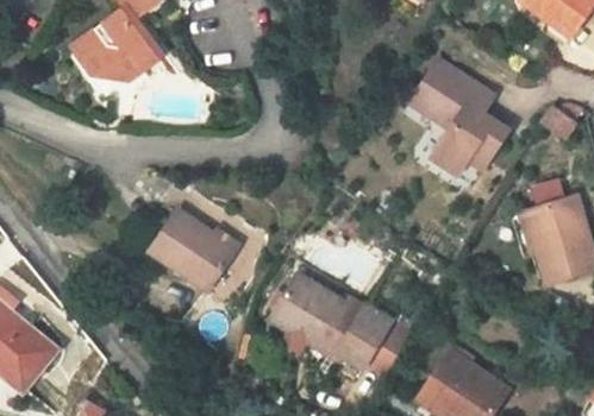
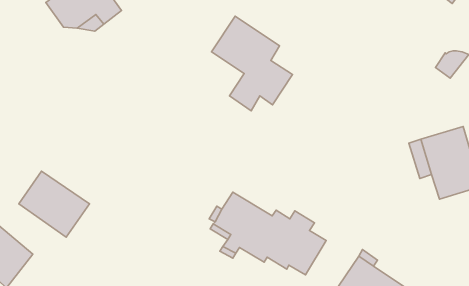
building: [411,59,508,174] -> [212,16,292,111]
building: [149,212,235,291] -> [19,171,90,237]

